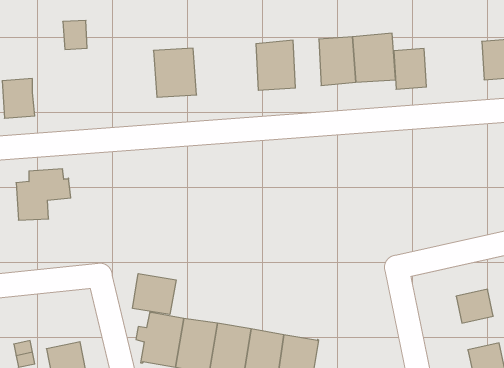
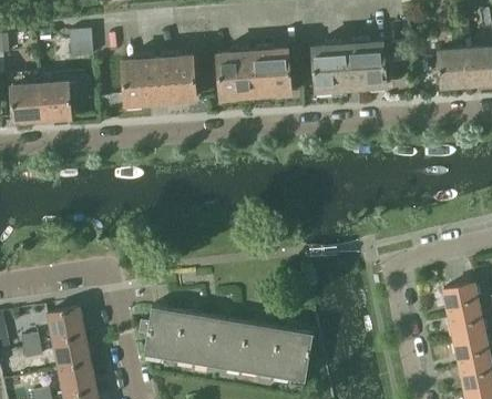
building: none -> [217,51,255,98]
building: [394,49,426,89] -> [439,49,470,88]
building: none -> [122,58,158,104]
building: [16,169,71,220] -> [40,71,92,120]
building: [133,274,176,314] -> none
building: none -> [48,307,85,341]
building: none -> [449,310,484,342]

